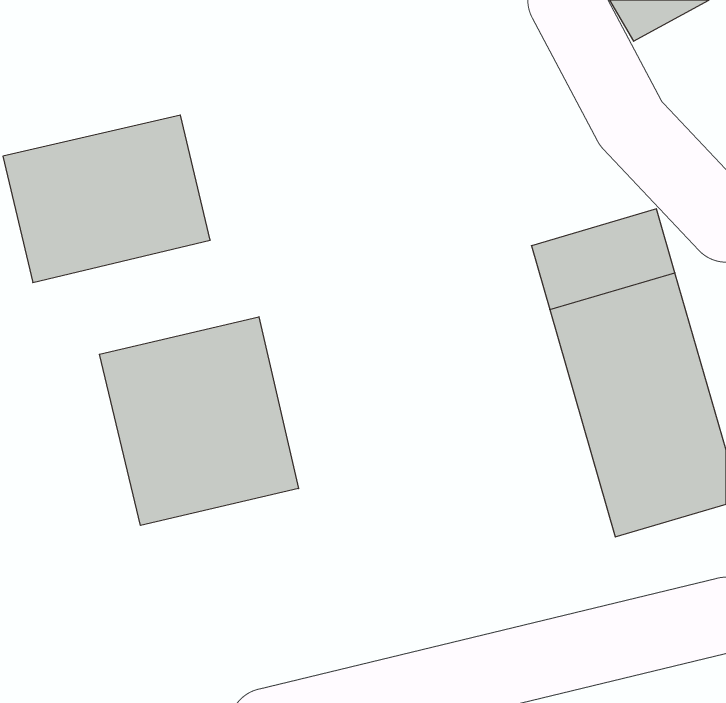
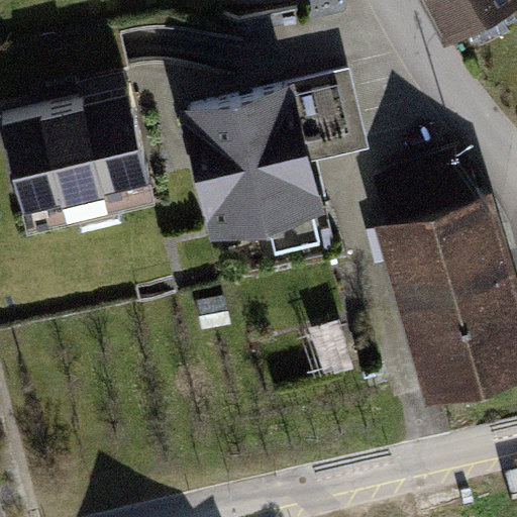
building: none -> [189,82,366,237]
building: [99,317,299,525] -> none

